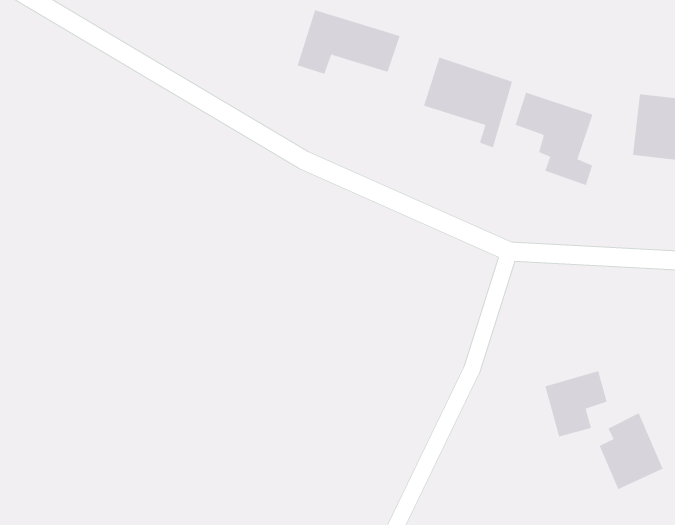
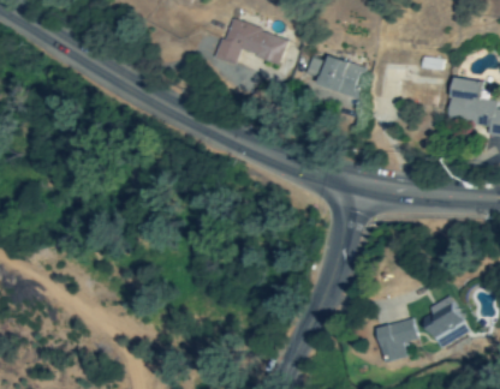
building: [515,92,593,186] -> none
building: [544,370,608,437] -> [376,317,419,363]

